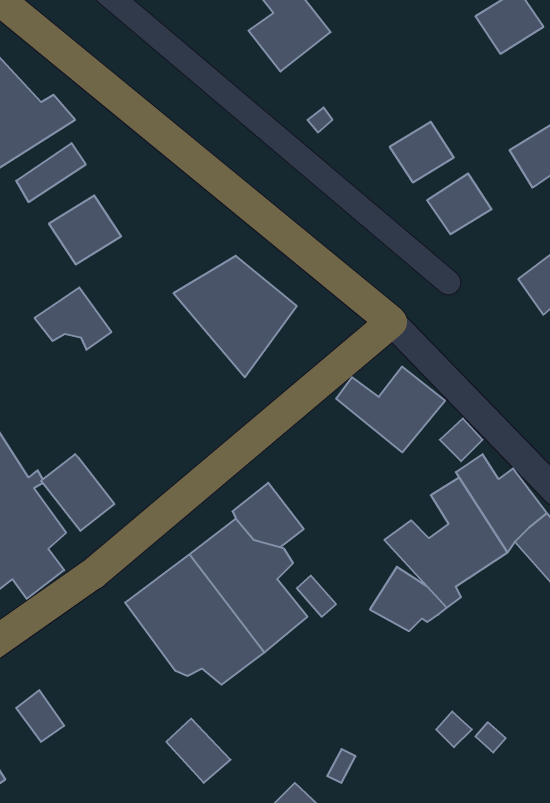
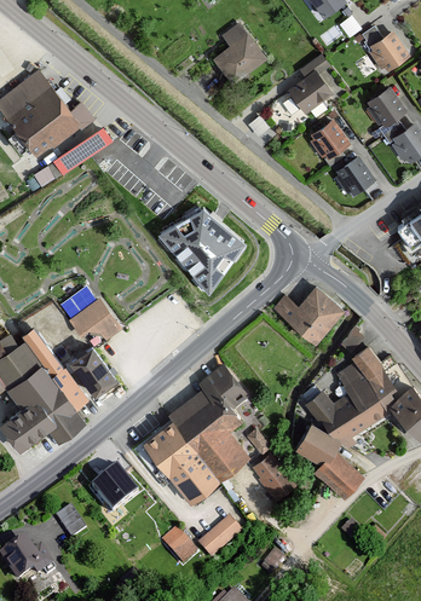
building: none -> [288,53,333,114]
building: none -> [363,87,408,132]
building: [49,195,121,265] -> none
building: [35,287,111,350] -> [69,300,121,342]
building: none -> [249,452,295,502]
building: none -> [315,455,365,499]
building: none -> [90,467,137,514]
building: none -> [200,512,246,555]

